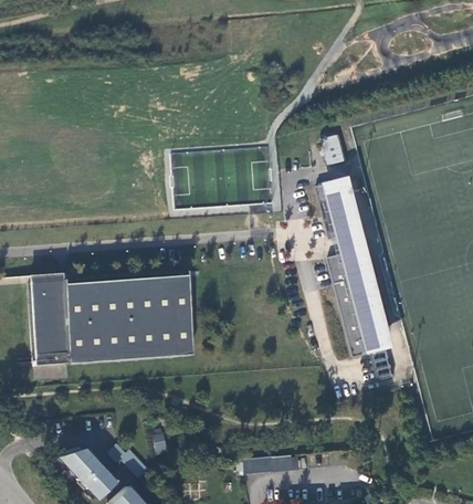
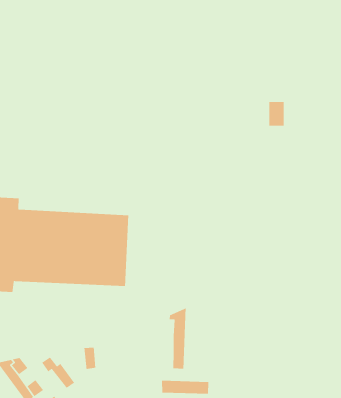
building: [318,172,400,379] -> none
building: none -> [169,307,186,369]

